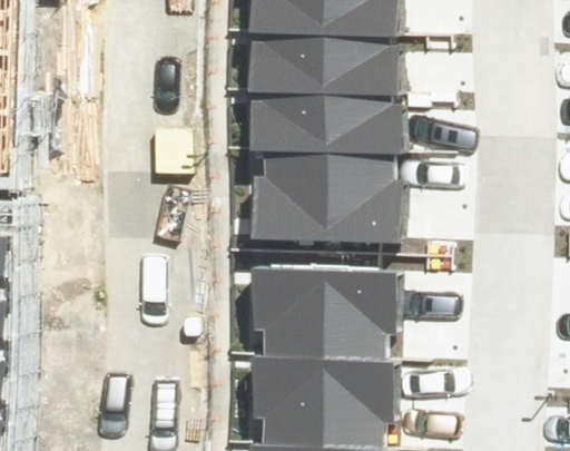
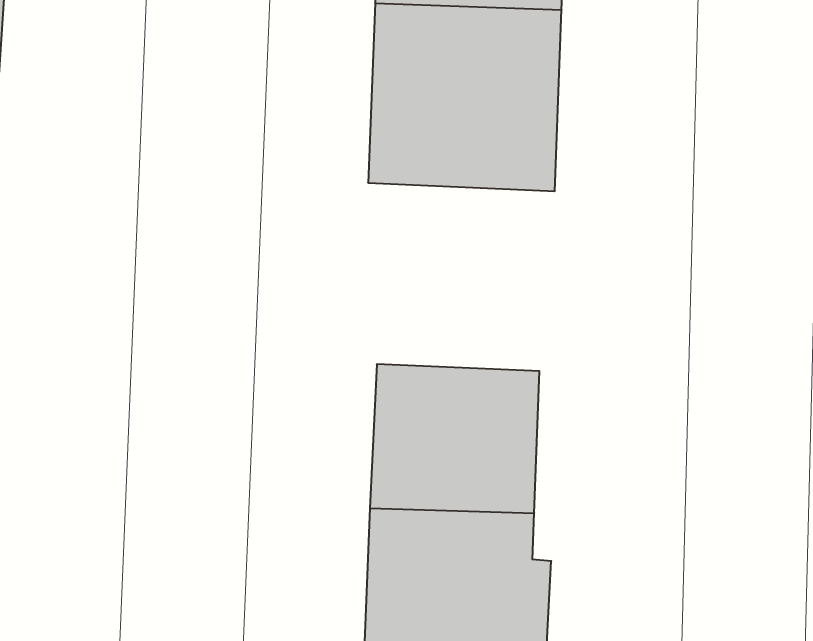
building: [253,141,377,236] -> none

